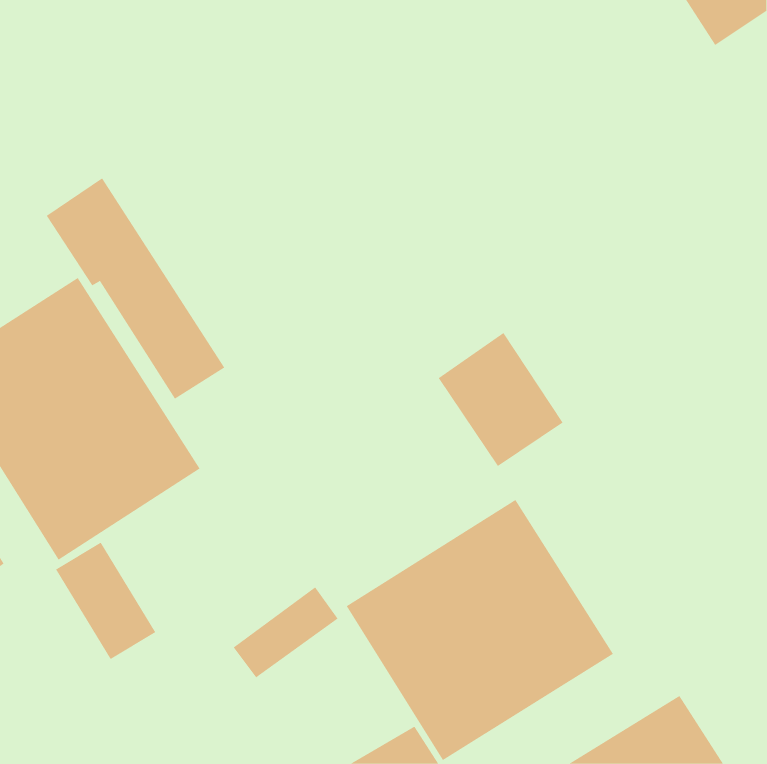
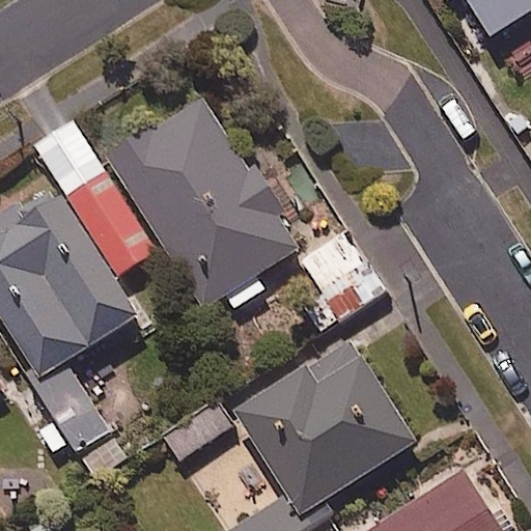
building: none -> [106,97,298,308]

